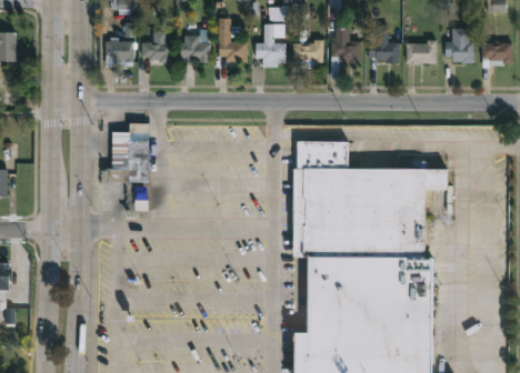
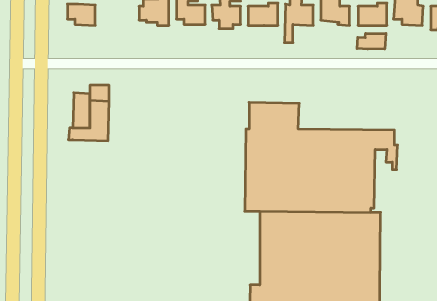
building: [142,42,172,62] -> none
building: none -> [357,33,386,49]

